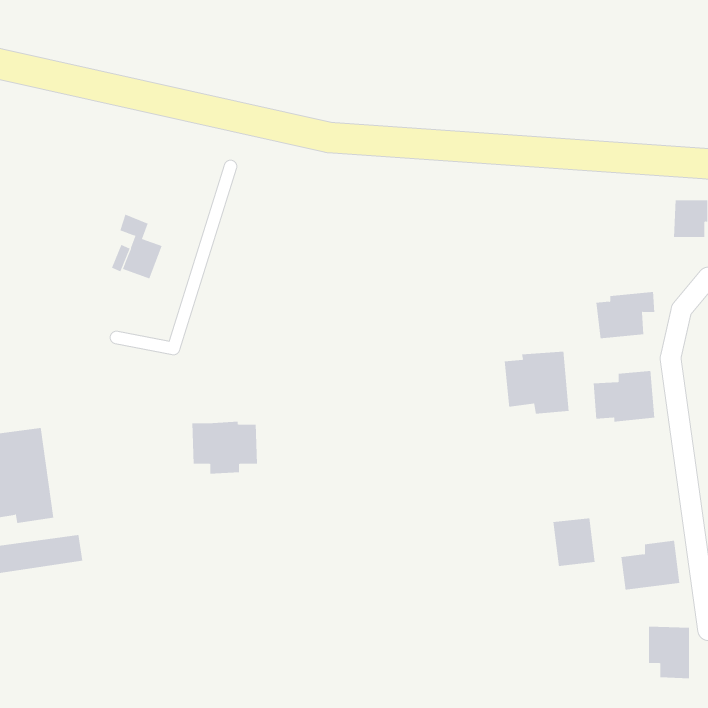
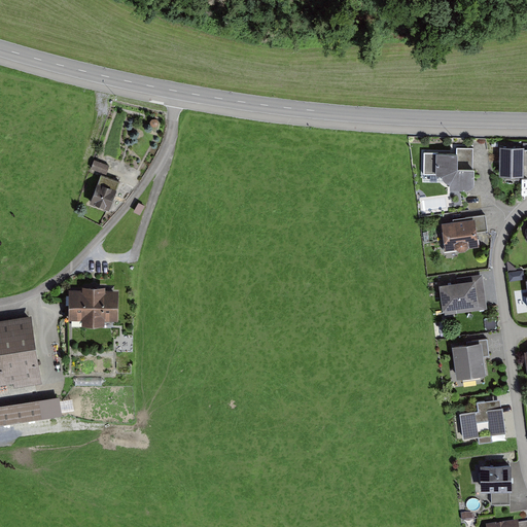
building: none -> [423,149,475,194]
building: [504,351,569,415] -> none
building: [191,421,258,474] -> [68,289,117,328]
building: [553,518,596,566] -> [453,344,485,380]

